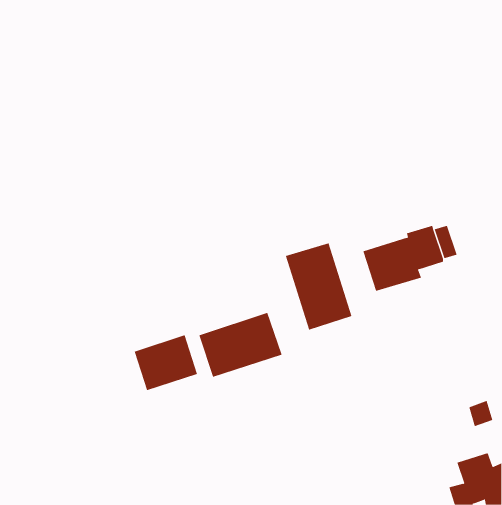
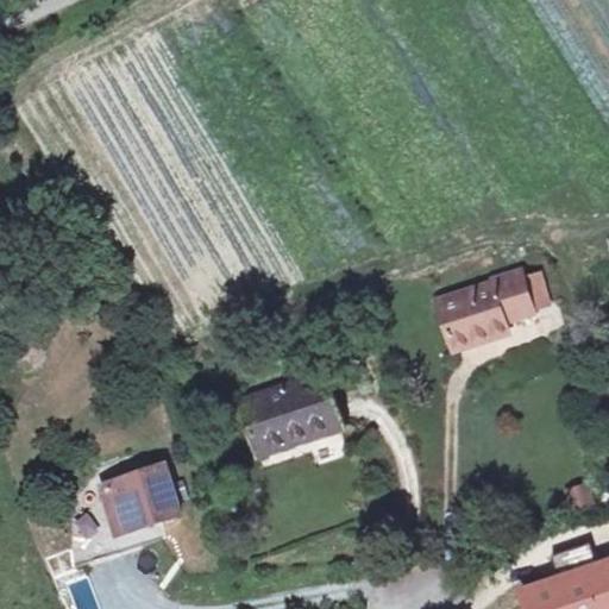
building: [285,243,352,330] -> none
building: [134,335,198,391] -> [100,467,177,535]

